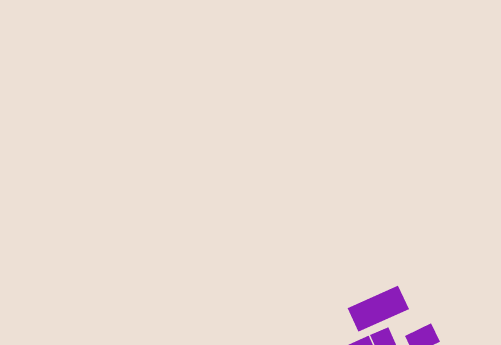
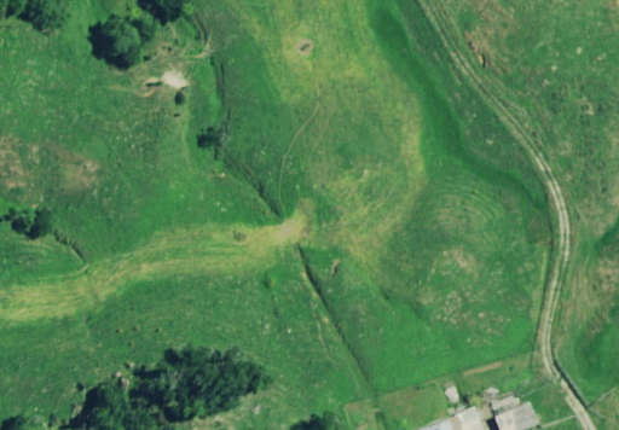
building: [347,285,410,332] -> none

